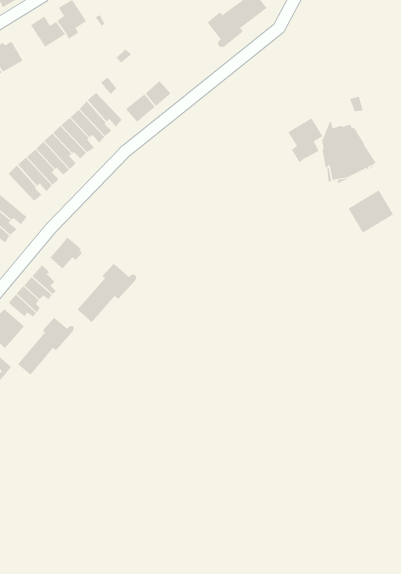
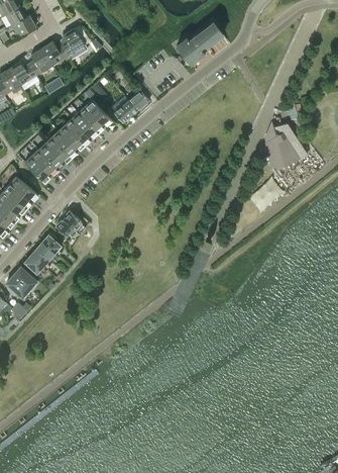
building: none -> [26,49,51,76]
building: [288,118,323,163] -> none
building: [348,190,394,233] -> none
building: [77,263,137,323] -> none
building: [17,317,74,376] -> none

